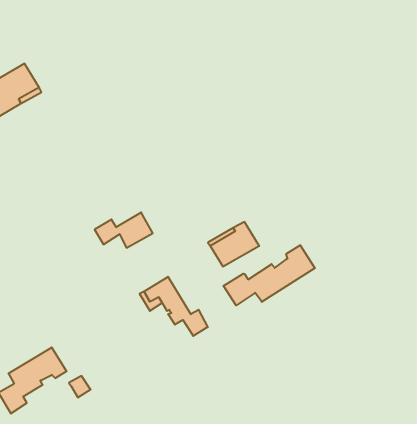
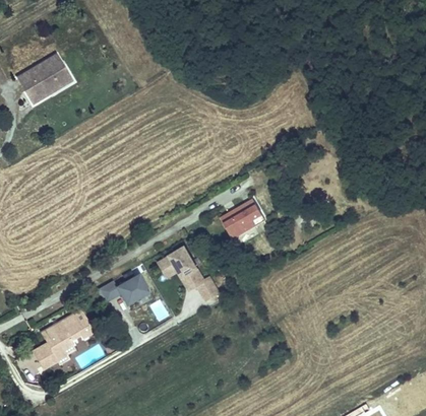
building: [95,212,153,248] -> [98,273,149,304]
building: [223,245,315,305] -> none

